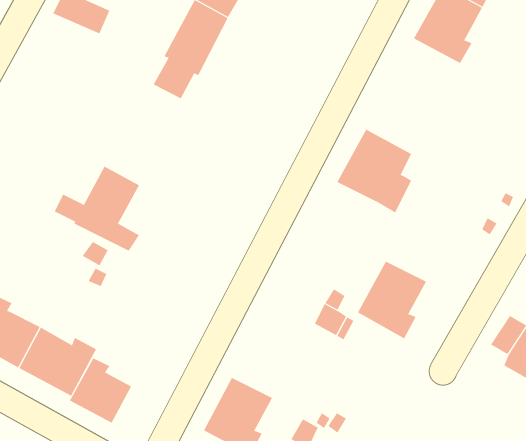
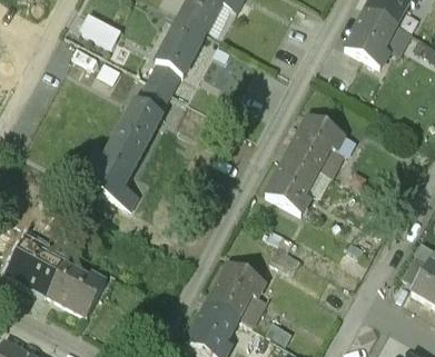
building: none -> [112,80,170,156]
building: [357,261,427,339] -> [266,153,318,212]
building: none -> [208,260,266,324]
building: [69,357,132,424] -> none

